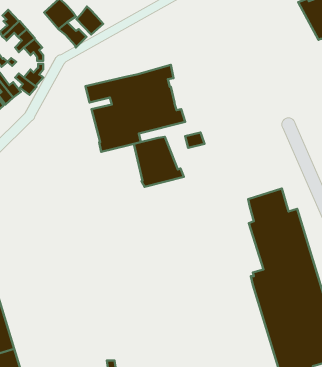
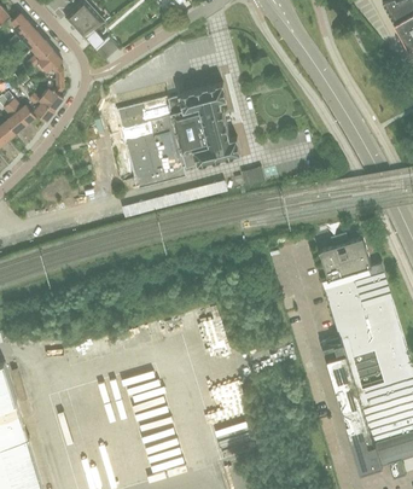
building: [76,6,103,35] -> none
building: [134,137,184,187] -> none

